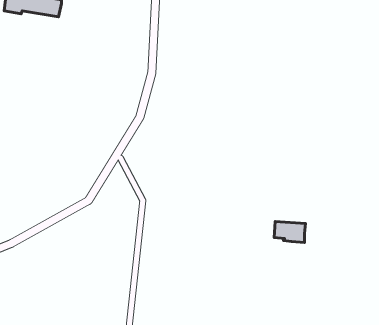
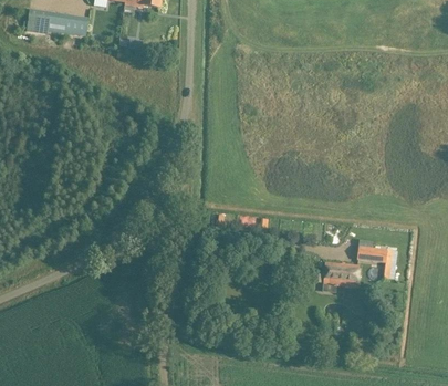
building: none -> [357,246,393,278]

